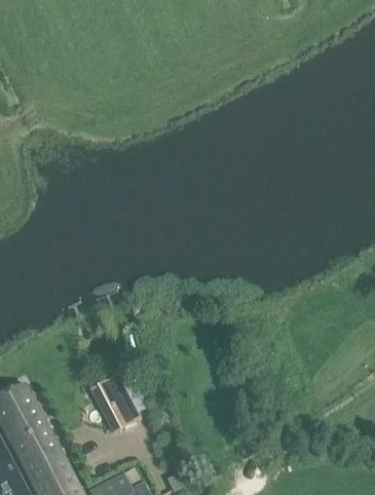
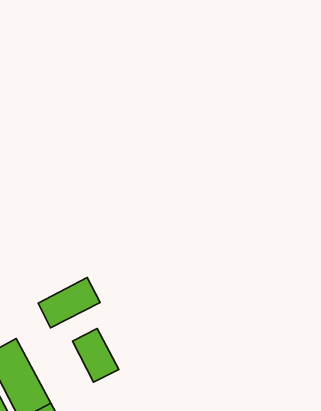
building: none -> [38,277,100,328]

